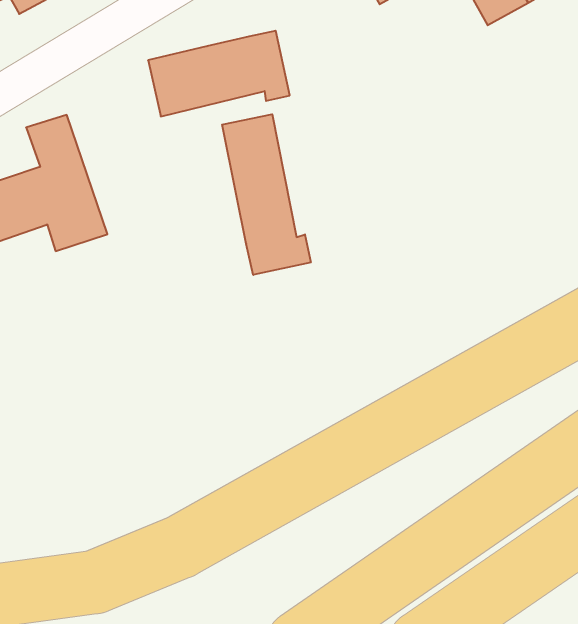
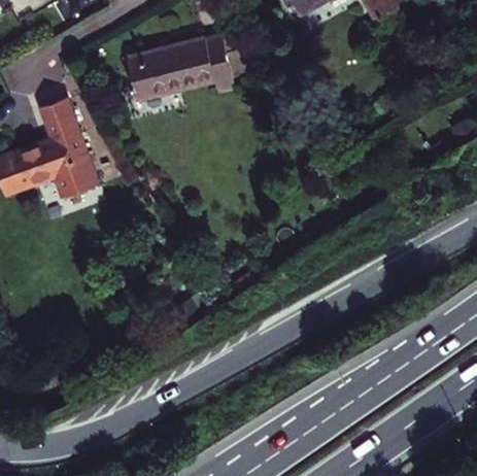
building: [222,114,311,275] -> none

